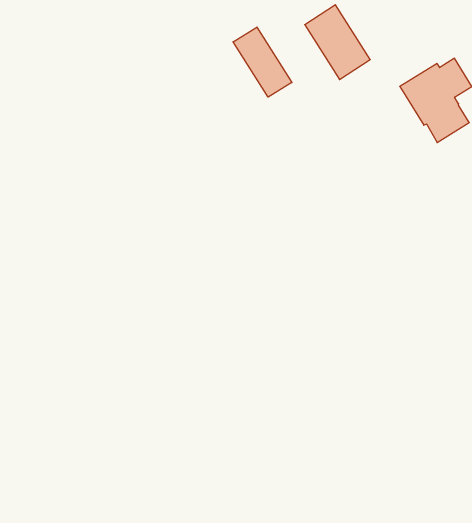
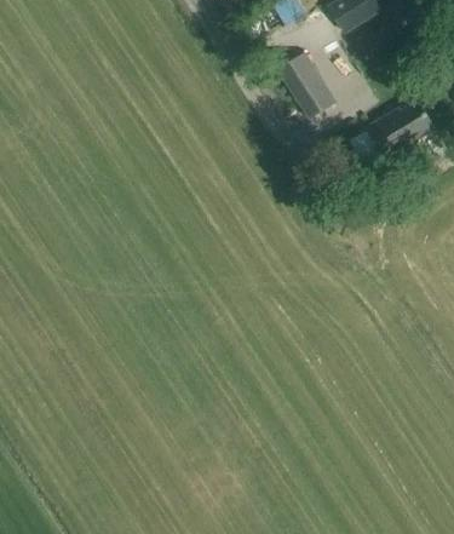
building: [233,27,292,97] -> none

